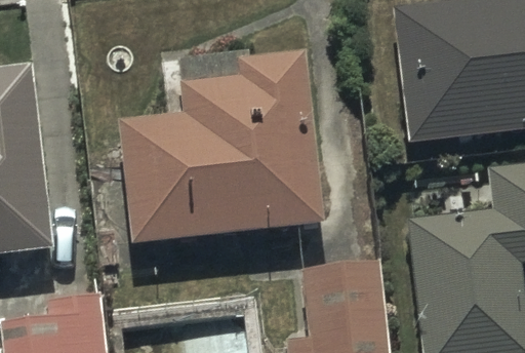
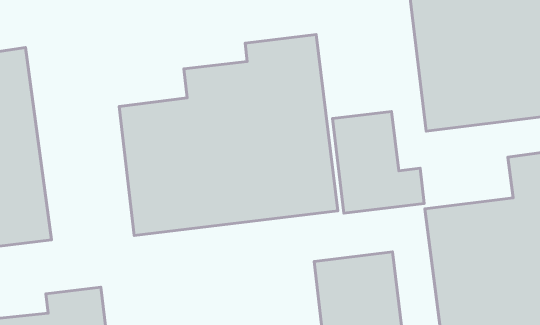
building: none -> [332,111,424,213]

